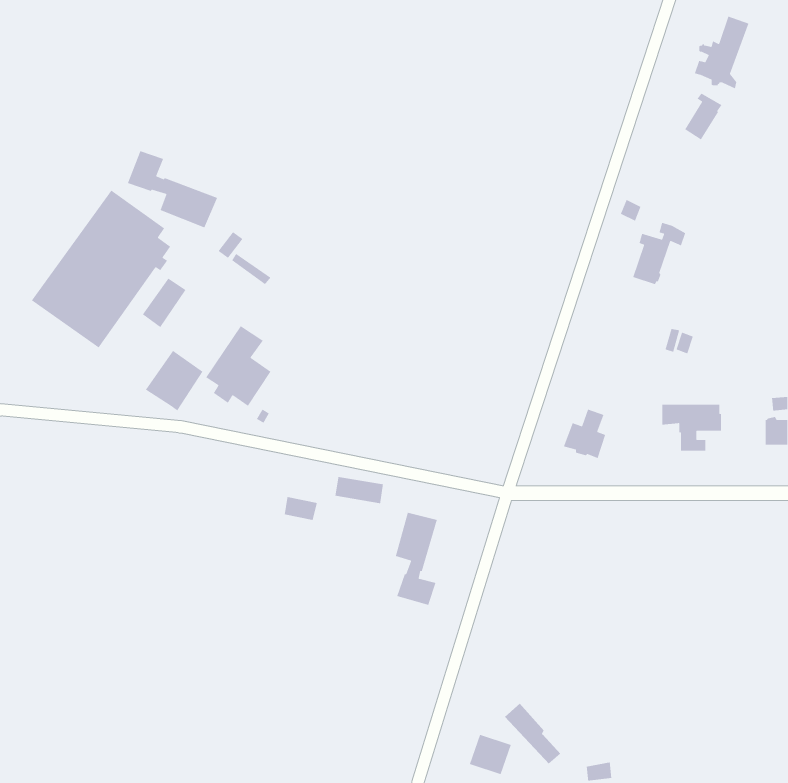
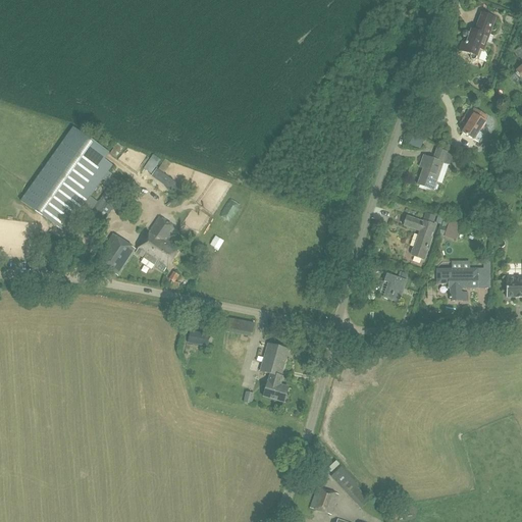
building: [684,93,723,140] -> [462,106,487,138]
building: [127,150,218,229] -> none
building: none -> [403,211,436,258]

